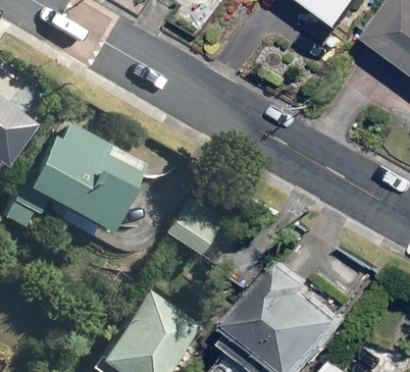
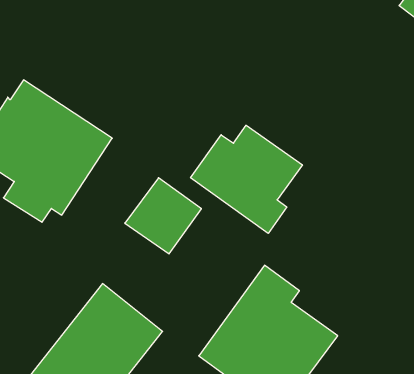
building: none -> [191,125,302,233]

